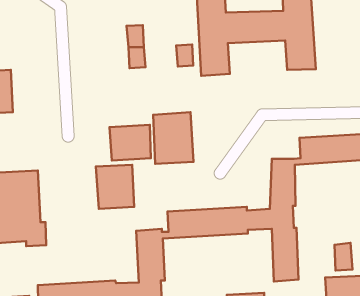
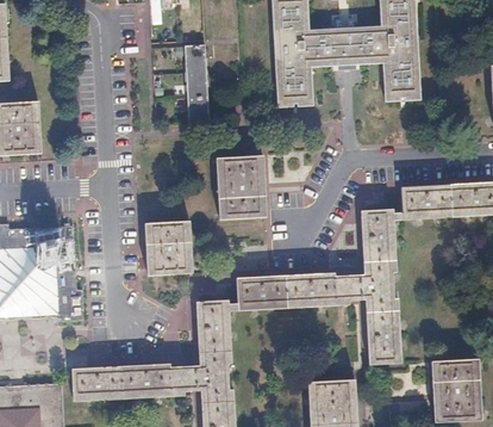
building: [176,44,193,66] -> [187,98,208,125]
building: [110,125,151,160] -> none
building: [335,243,352,270] -> none

